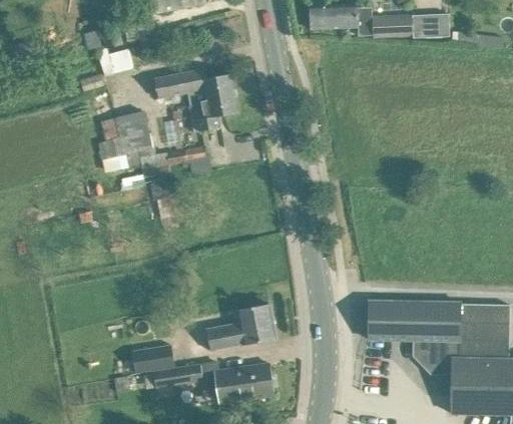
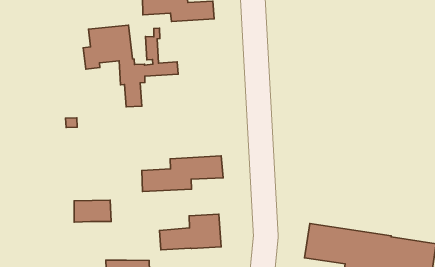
building: [187,92,239,132] -> none
building: none -> [142,156,223,191]
building: [131,344,174,373] -> [74,200,111,222]

